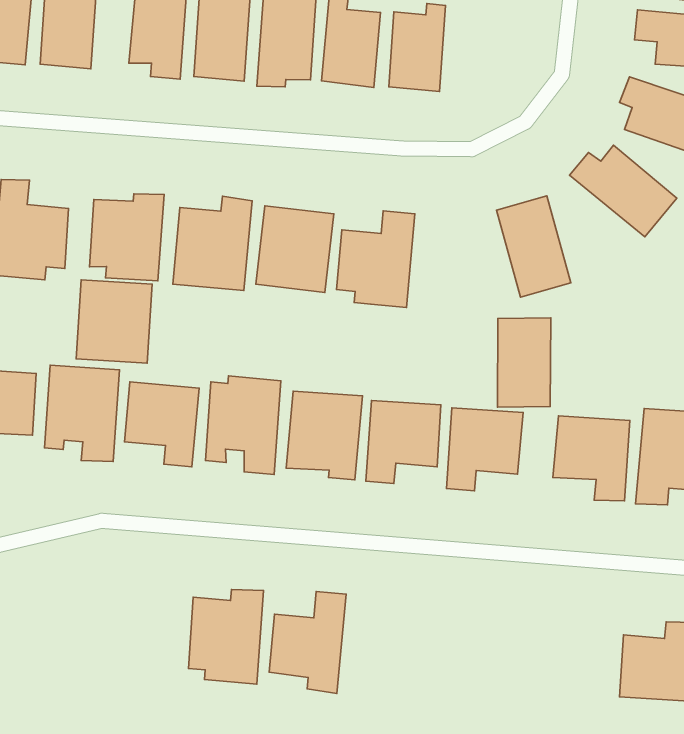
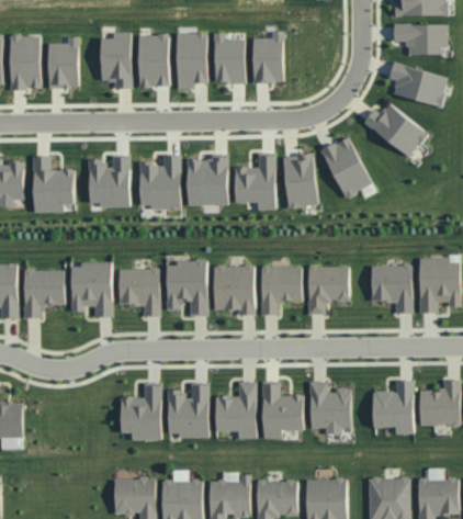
building: [76,280,152,363] -> none
building: [497,318,551,407] -> [283,155,318,210]
building: none -> [120,384,160,440]
building: none -> [261,383,304,438]
building: none -> [309,381,351,433]
building: none -> [373,380,414,433]

